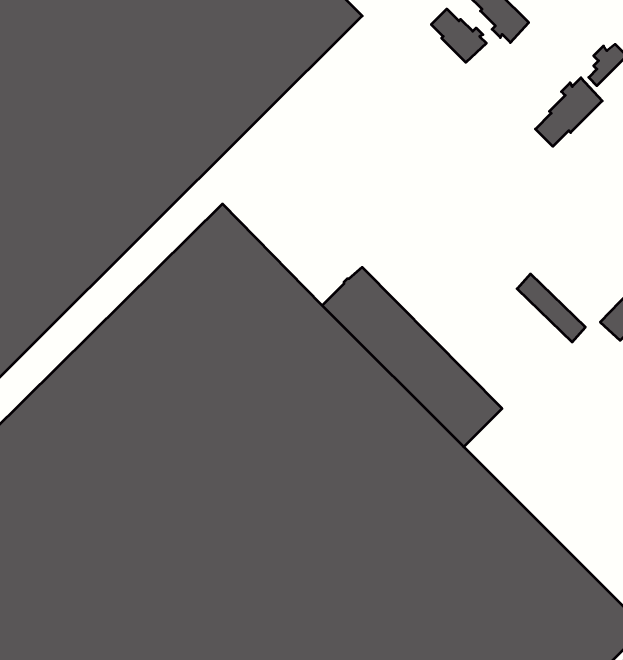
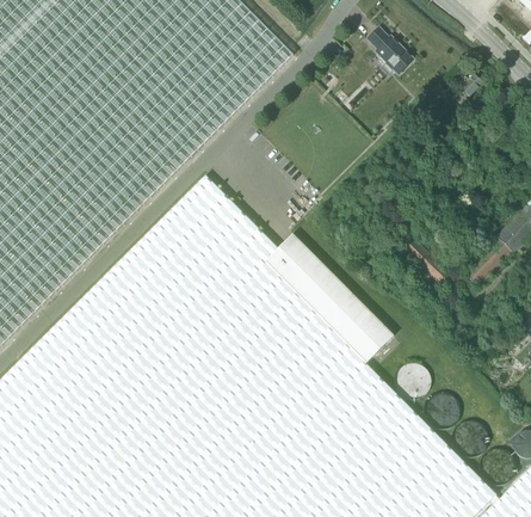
building: [431,9,486,62] -> none
building: [535,78,602,146] -> none
building: none -> [192,174,278,261]

